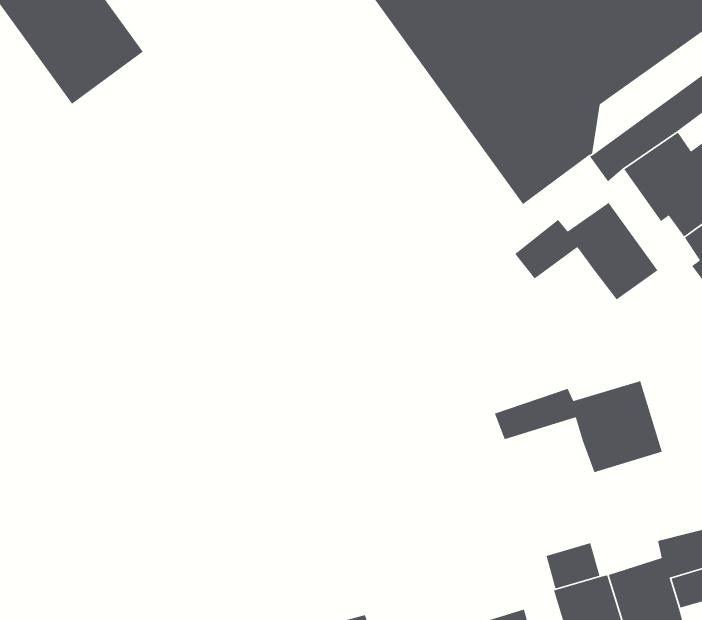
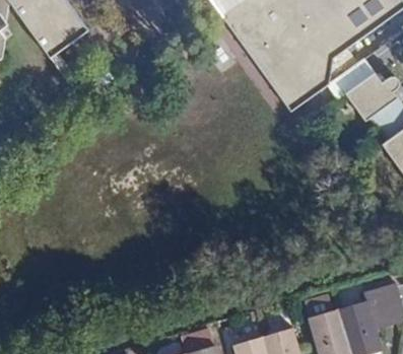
building: [514,202,658,300] -> none
building: [494,380,663,473] -> none

